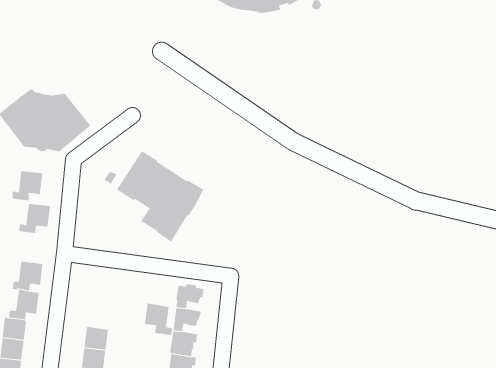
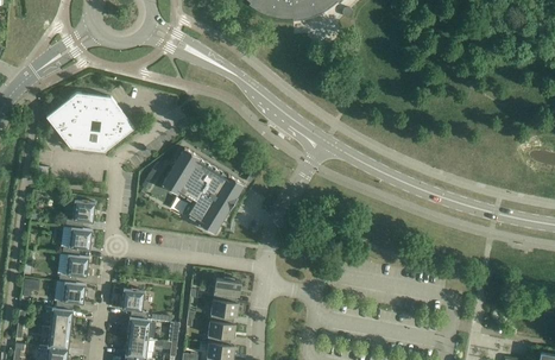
building: [12,171,43,201] -> [62,227,92,255]
building: [144,303,173,336] -> [120,288,147,318]

